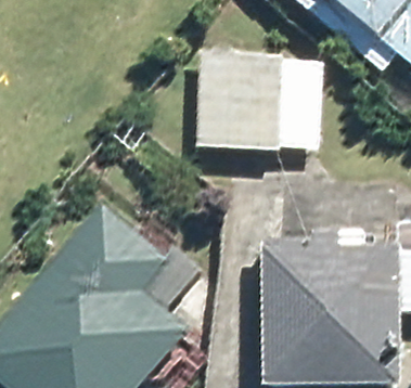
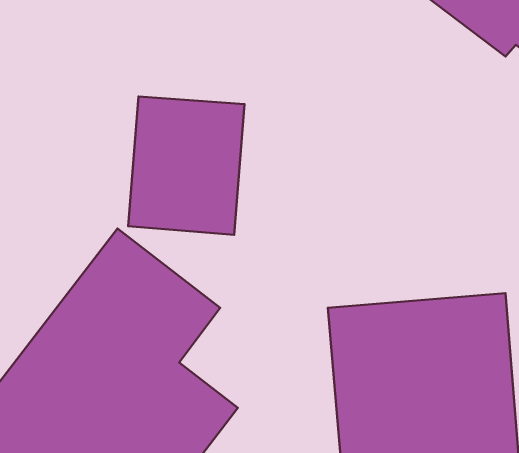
building: [198,46,284,147] -> [128,97,244,235]

